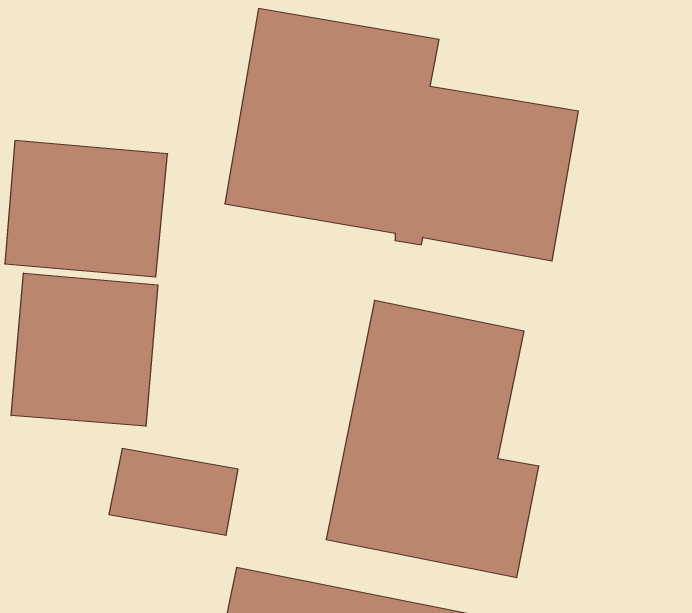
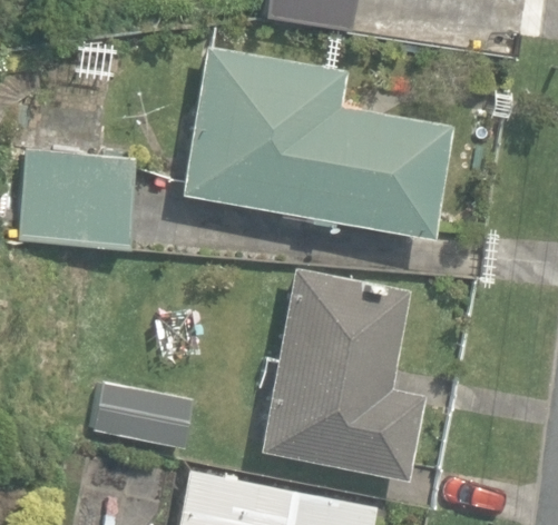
building: [11,273,158,426] -> none

